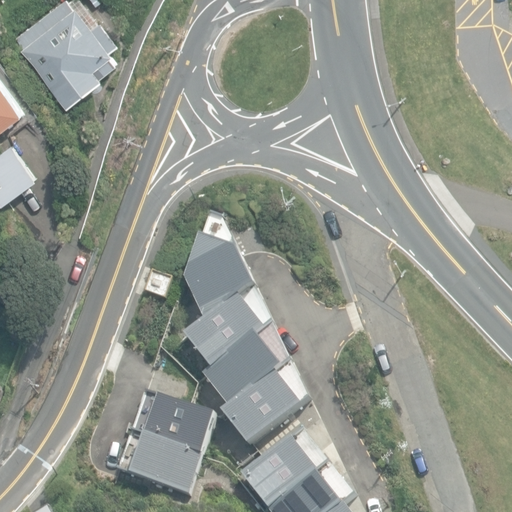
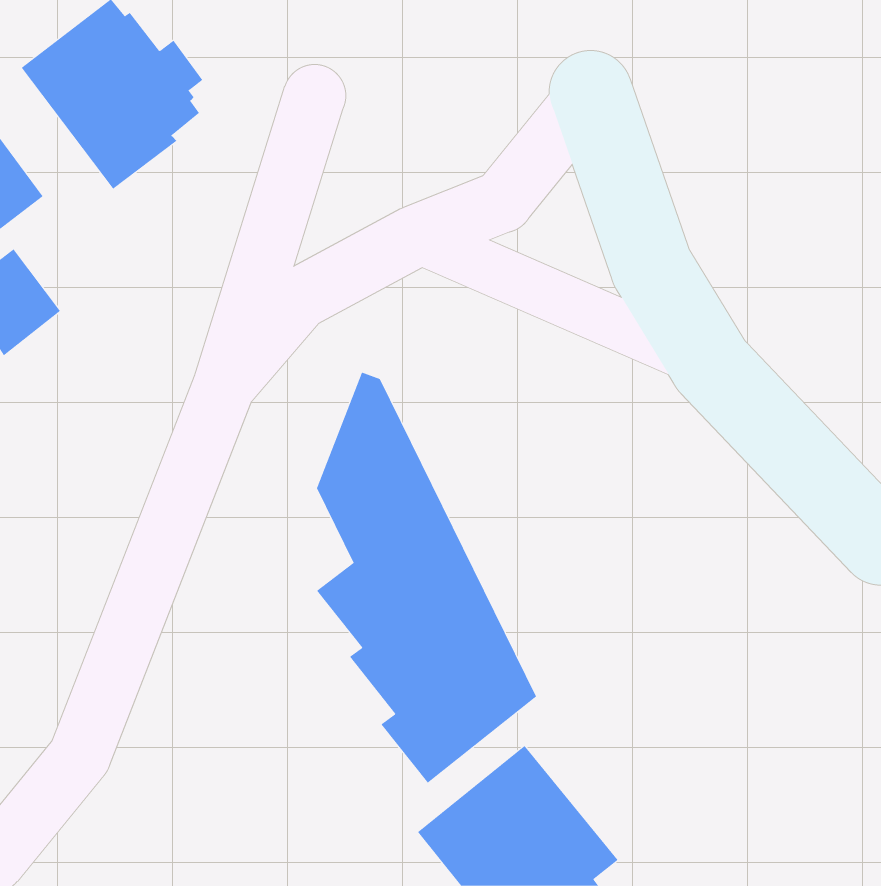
building: [116,392,217,500] -> none

